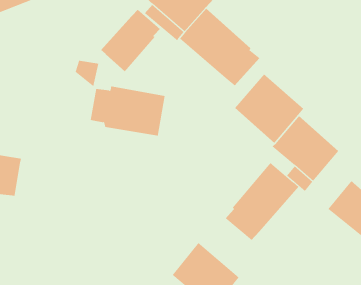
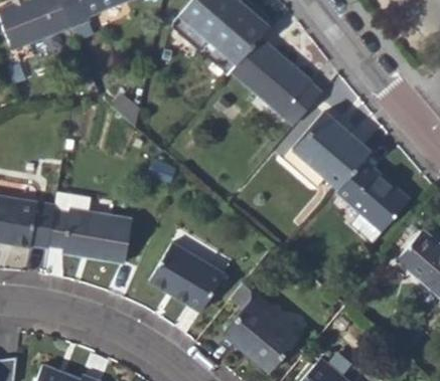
building: [100,9,161,72] -> none
building: [90,86,166,136] -> [47,207,132,263]
building: [225,162,299,241] -> none
building: none -> [149,241,224,312]

